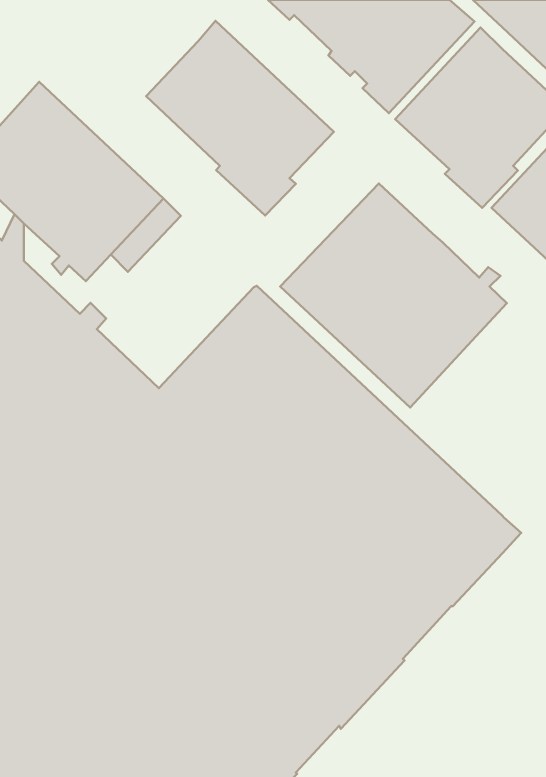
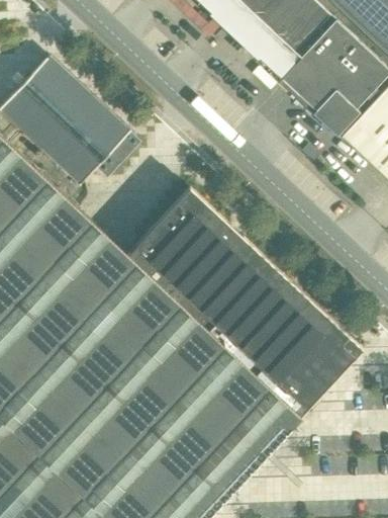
building: [146,21,334,215] -> none
building: [280,184,507,407] -> none

